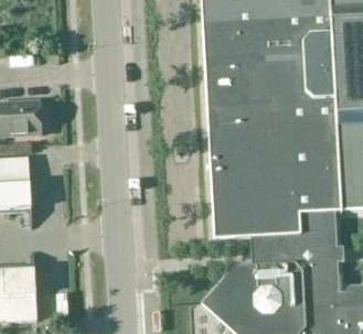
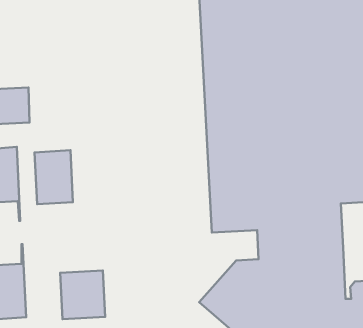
building: none -> [35,150,73,204]
building: none -> [60,270,105,319]

